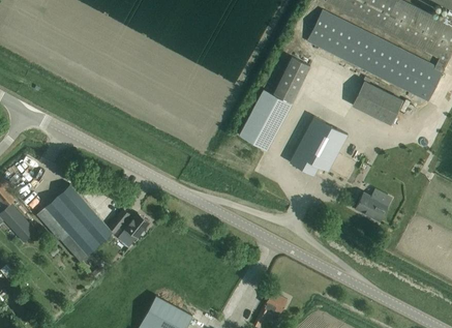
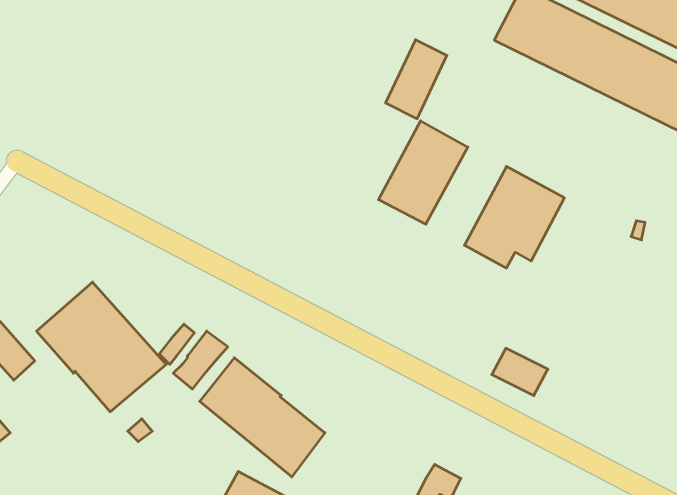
building: [274,55,310,101] -> [386,40,447,119]
building: [353,80,403,124] -> none
building: [356,192,389,220] -> [492,348,548,396]
building: none -> [200,358,325,477]

